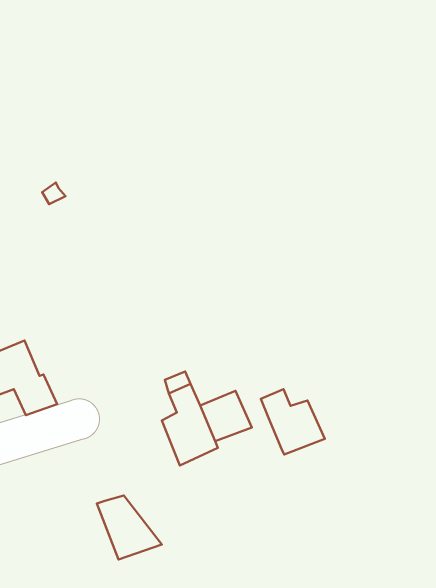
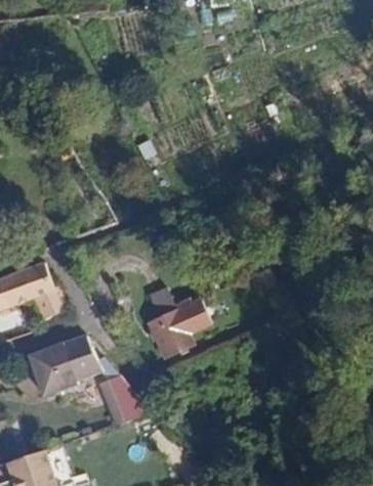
building: [261,389,325,455] -> none
building: none -> [32,333,120,395]

